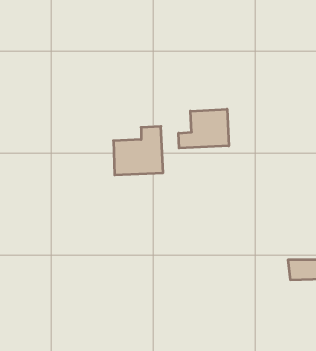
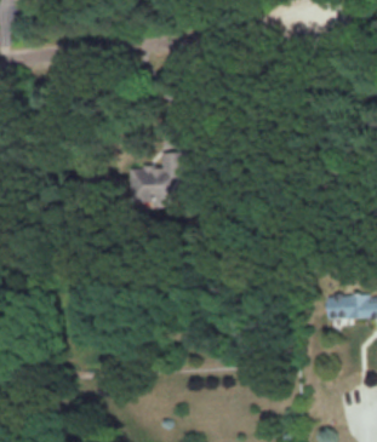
building: [179,109,229,148] -> none

